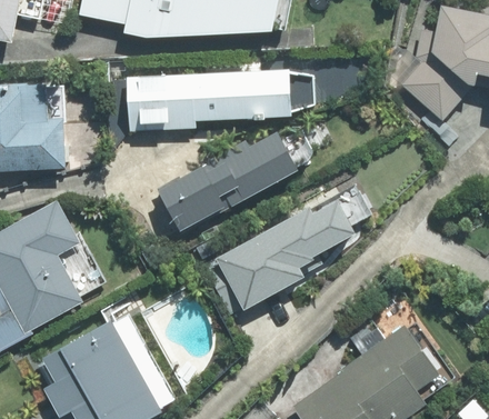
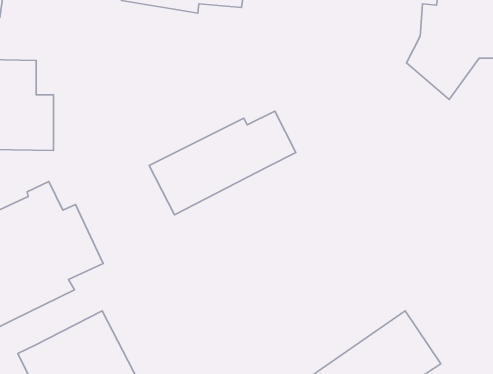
building: [128,71,286,130] -> none
building: [207,200,351,312] -> none

